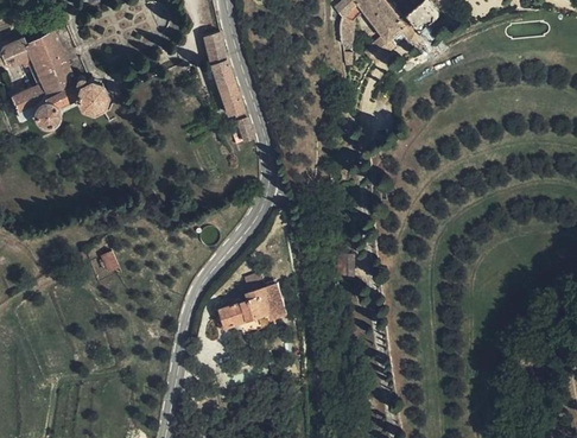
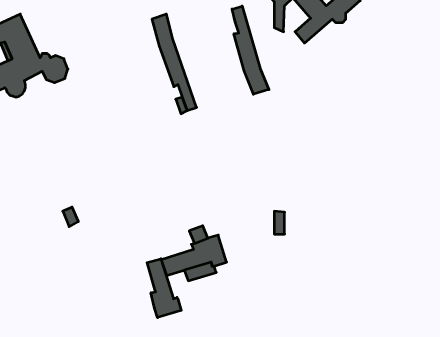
building: none -> [232,6,269,94]
building: none -> [147,259,181,318]

